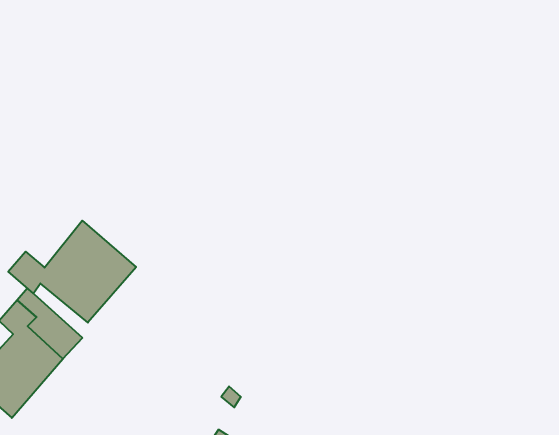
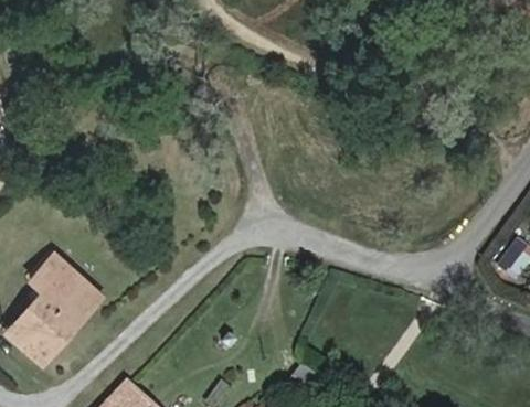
building: [8,221,136,323] -> none

